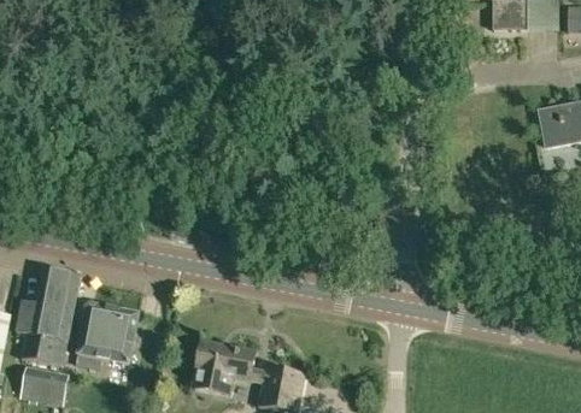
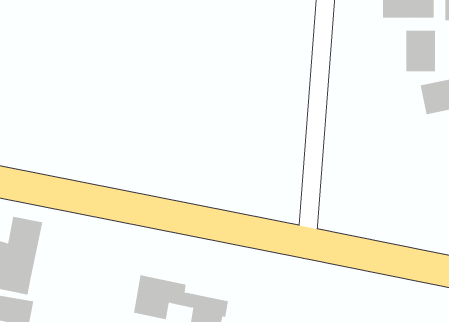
building: none -> [406,30,436,72]
building: [75,302,139,370] -> none

